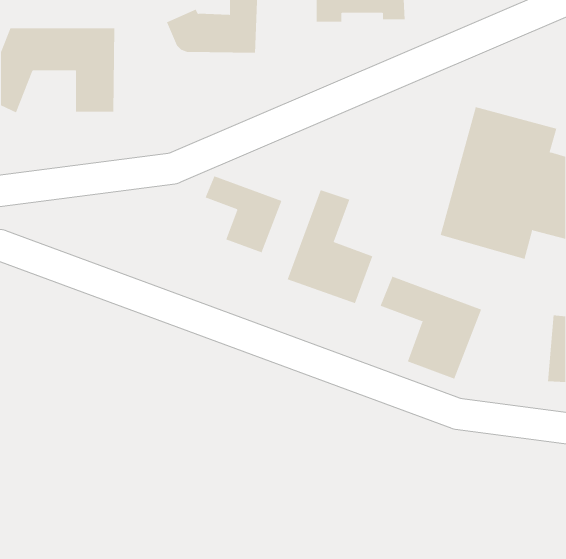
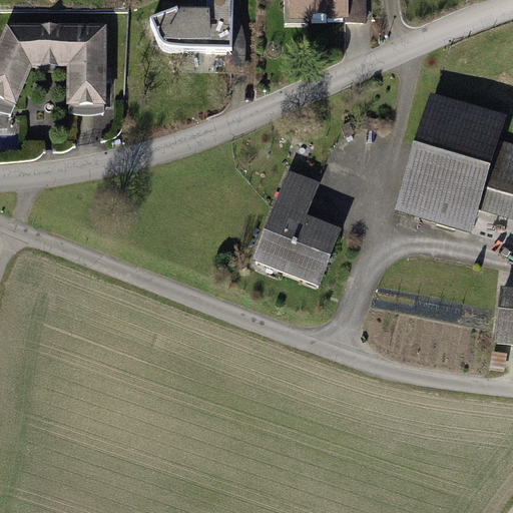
building: [205,175,282,253] -> none
building: [380,276,482,380] -> none

